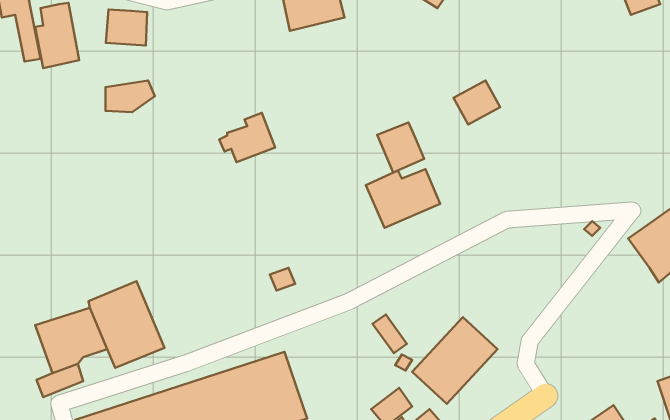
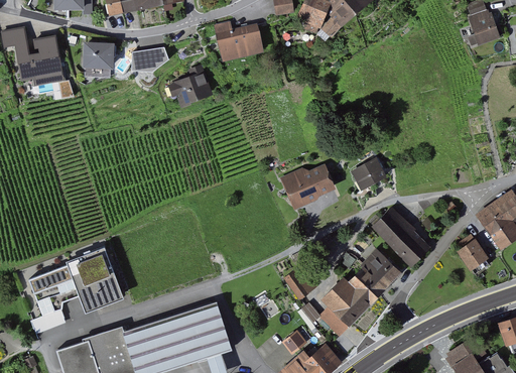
building: [105,80,155,112] -> [130,47,167,72]
building: [453,81,500,125] -> [349,155,384,189]
building: [219,113,275,162] -> [167,65,210,102]
building: [377,122,424,173] -> none
building: none -> [369,207,425,263]
building: none -> [458,240,487,271]
building: none -> [352,249,401,298]

